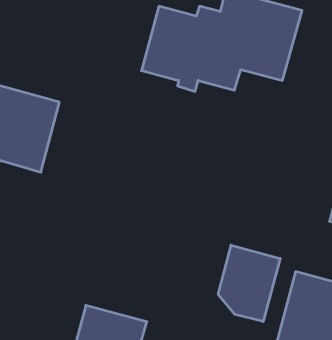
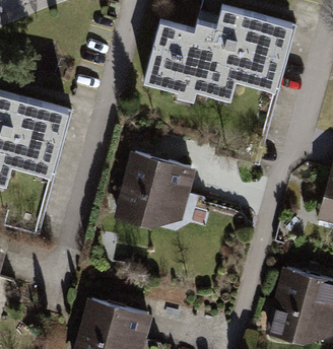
building: none -> [118,152,192,225]
building: [218,245,280,322] -> none

